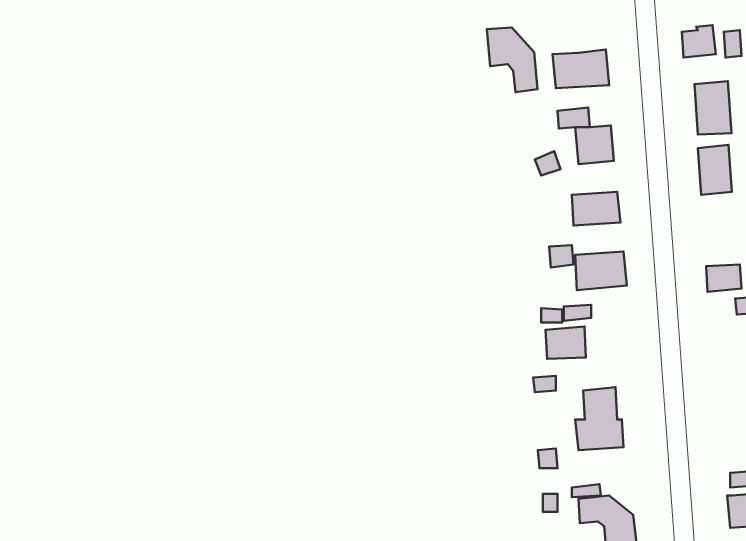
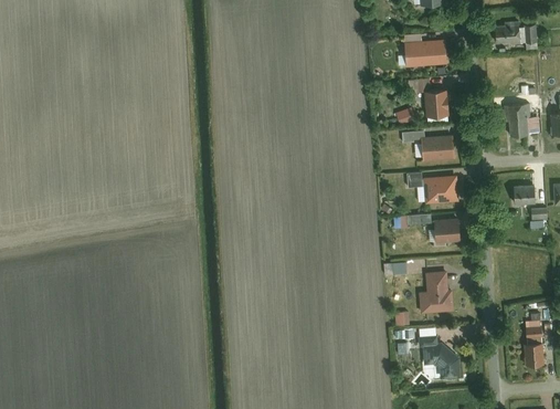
building: [487,27,537,92] -> none
building: [694,81,732,134] -> none
building: [546,327,586,359] -> [435,219,463,241]

